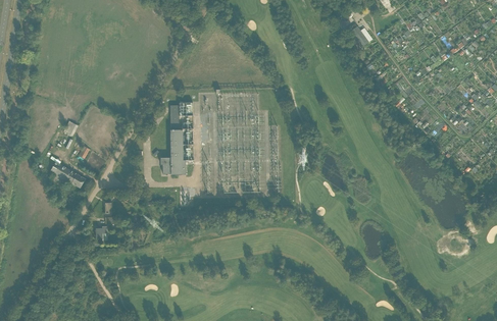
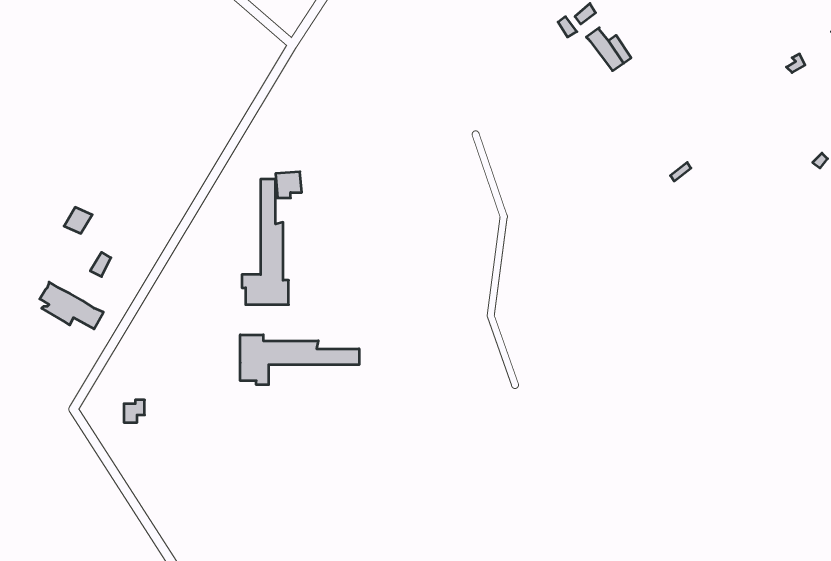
building: none -> [240,335,359,385]

